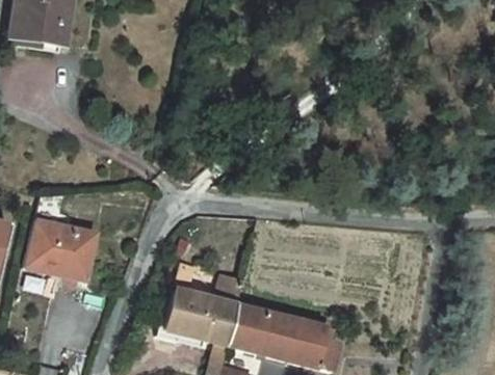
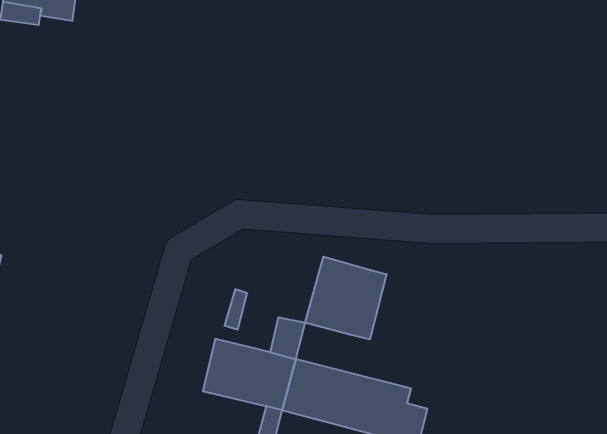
building: [25,219,98,280] -> none
building: none -> [305,257,387,339]

